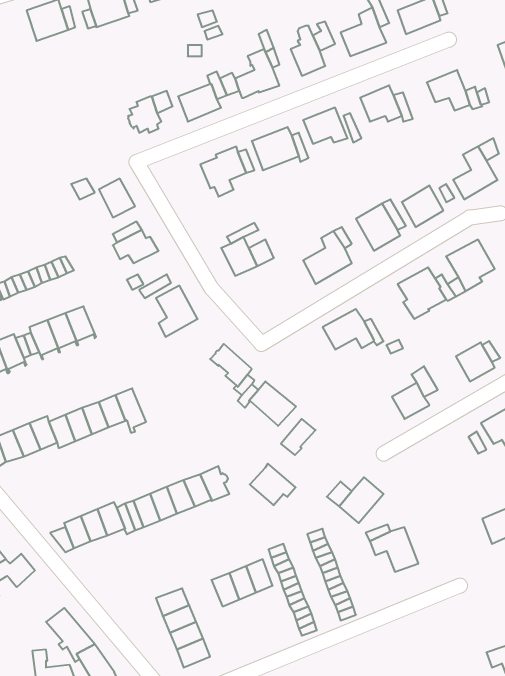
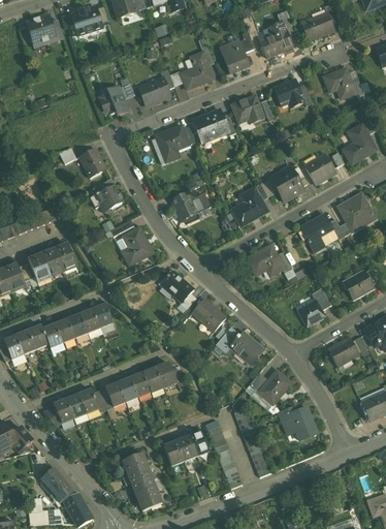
building: none -> [328,338,358,366]
building: [250,464,296,505] -> [229,332,263,363]

